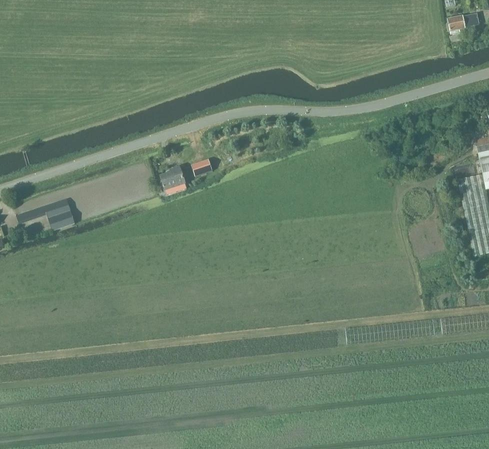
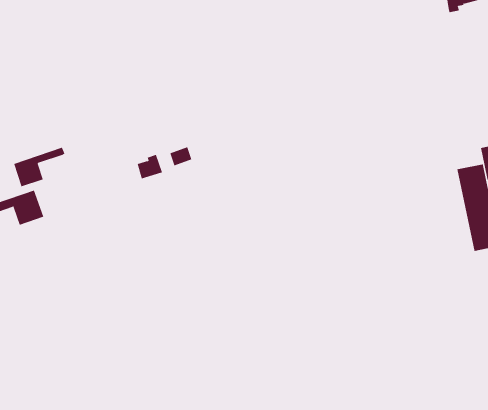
building: none -> [13,147,65,187]

